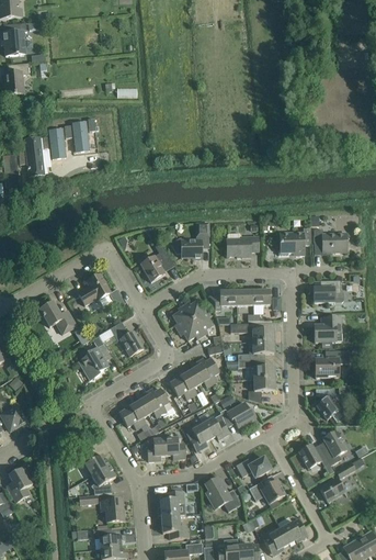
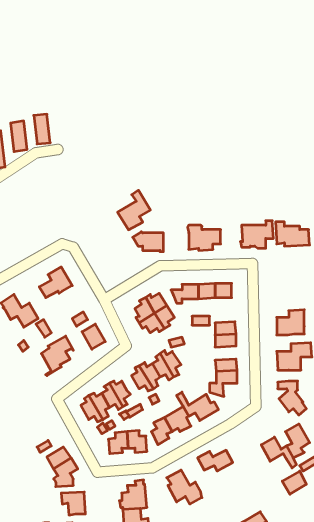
building: [139,242,172,281] -> [118,190,150,230]
building: [312,280,342,302] -> none
building: [249,480,284,503] -> none

